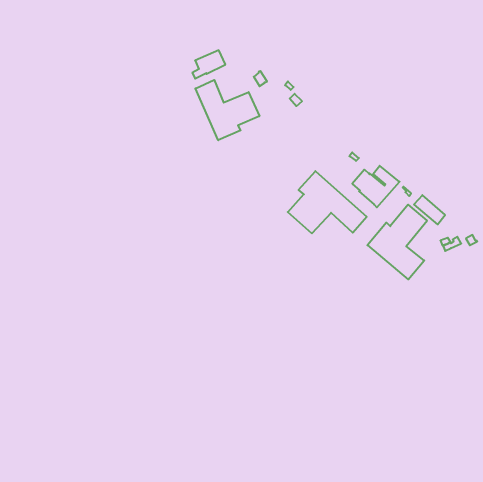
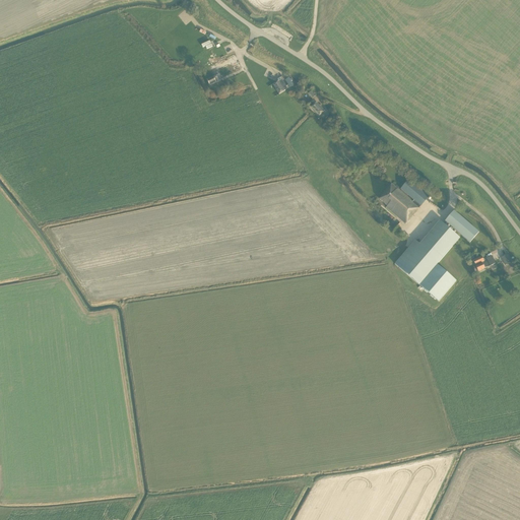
building: [195,80,259,140] -> none
building: [288,171,367,233] -> none

